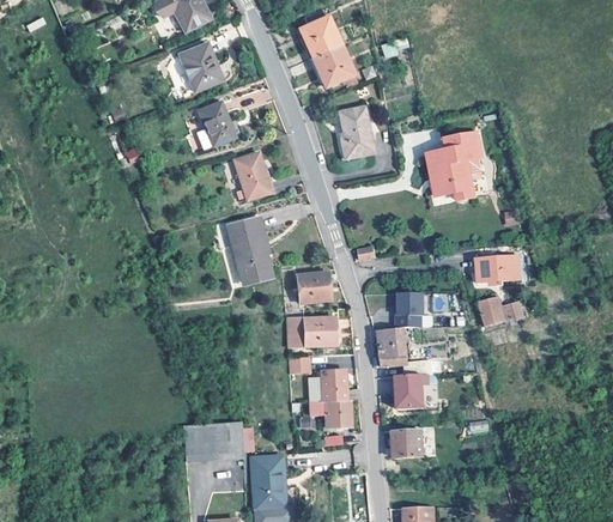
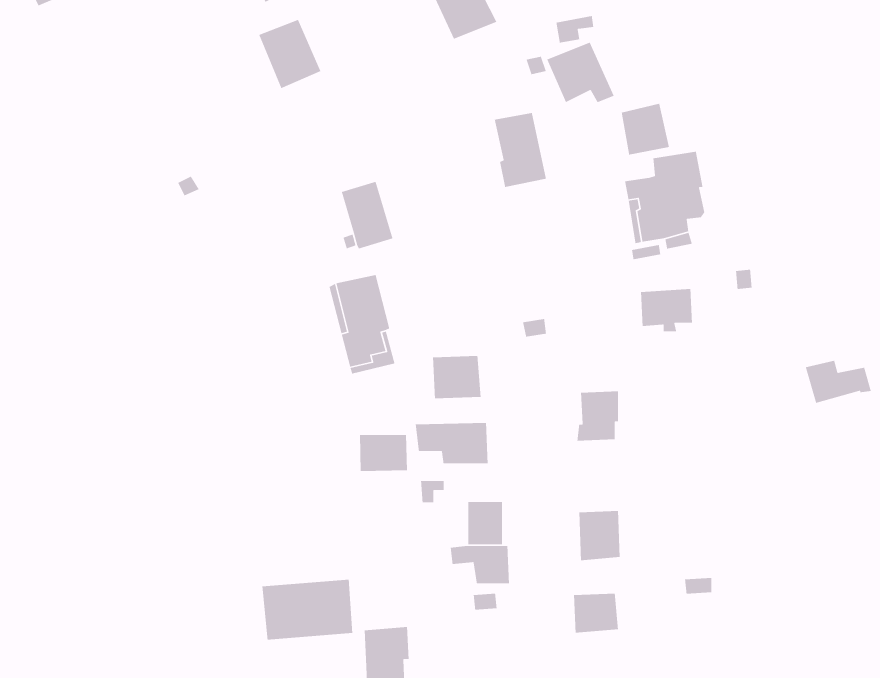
building: [311,43,358,85] -> [546,42,615,103]
building: none -> [621,103,670,155]
building: [198,99,235,144] -> none
building: [481,255,517,285] -> [640,288,693,332]
building: [479,297,524,327] -> [805,360,872,404]
building: none -> [359,434,408,472]
building: [377,330,407,366] -> none

